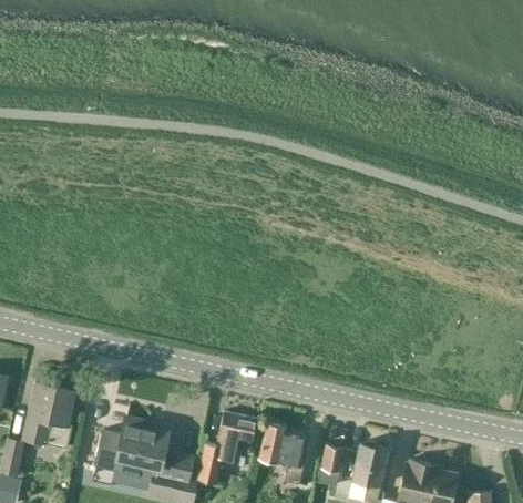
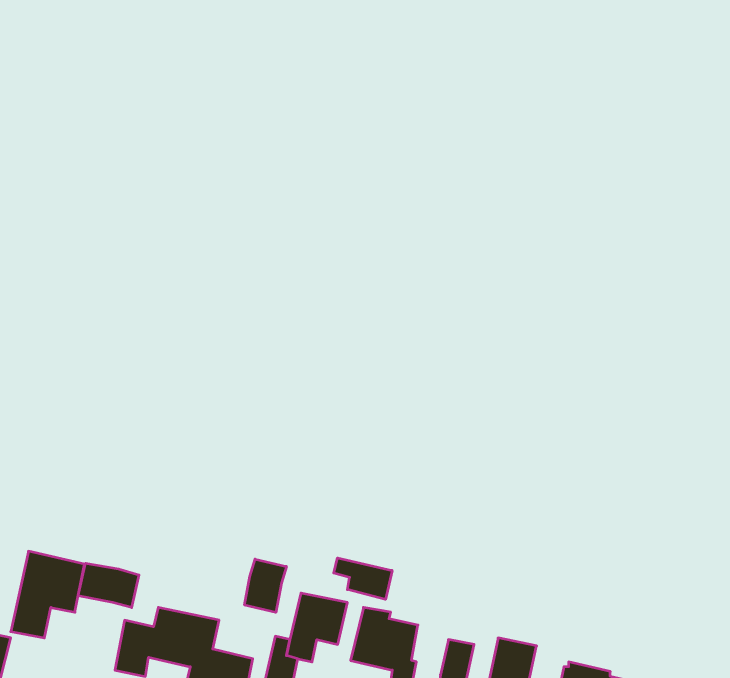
building: none -> [334,558,392,599]
building: none -> [245,559,286,612]
building: none -> [78,563,139,608]

